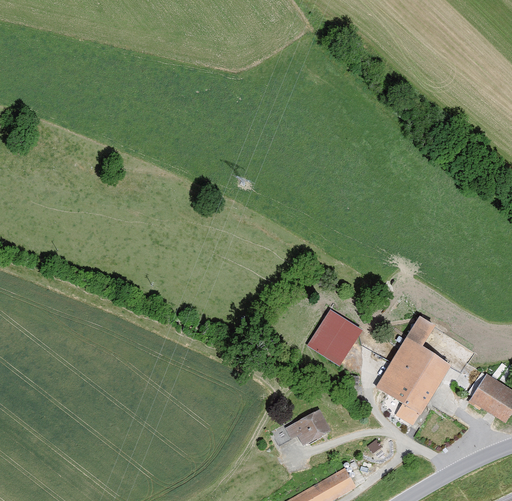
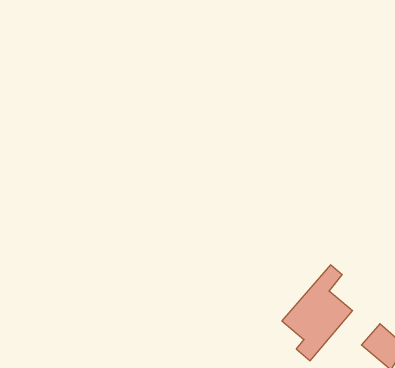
building: [308,311,362,366] -> none
building: [272,408,331,445] -> none

